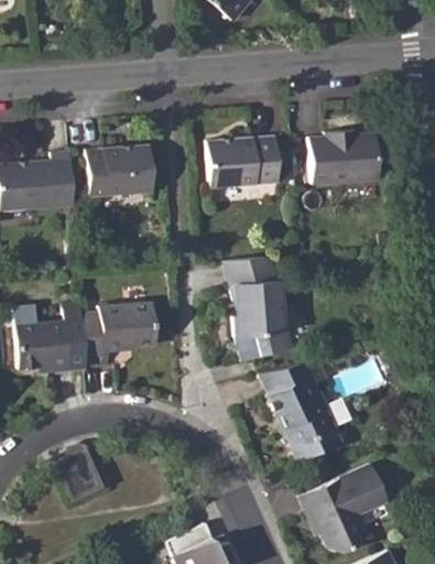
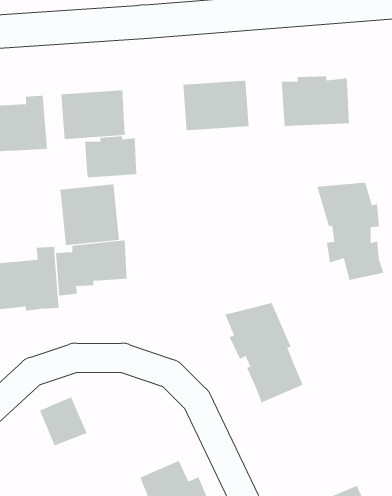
building: none -> [85,135,137,178]
building: none -> [60,184,119,246]
building: [224,256,293,356] -> [316,182,384,280]
building: [301,466,388,553] -> none

